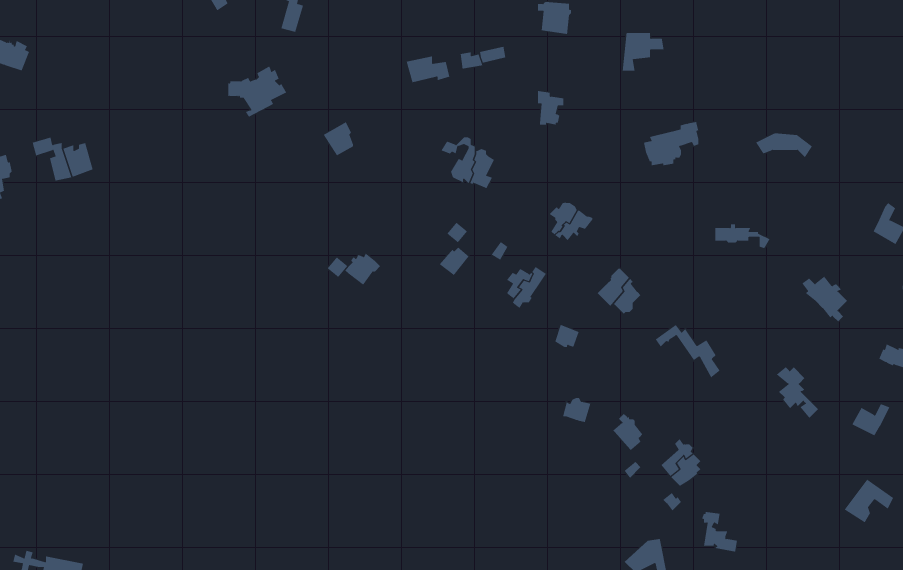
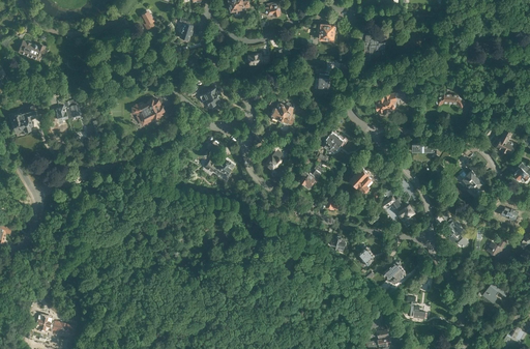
building: [227,65,287,118] -> [130,97,163,125]

